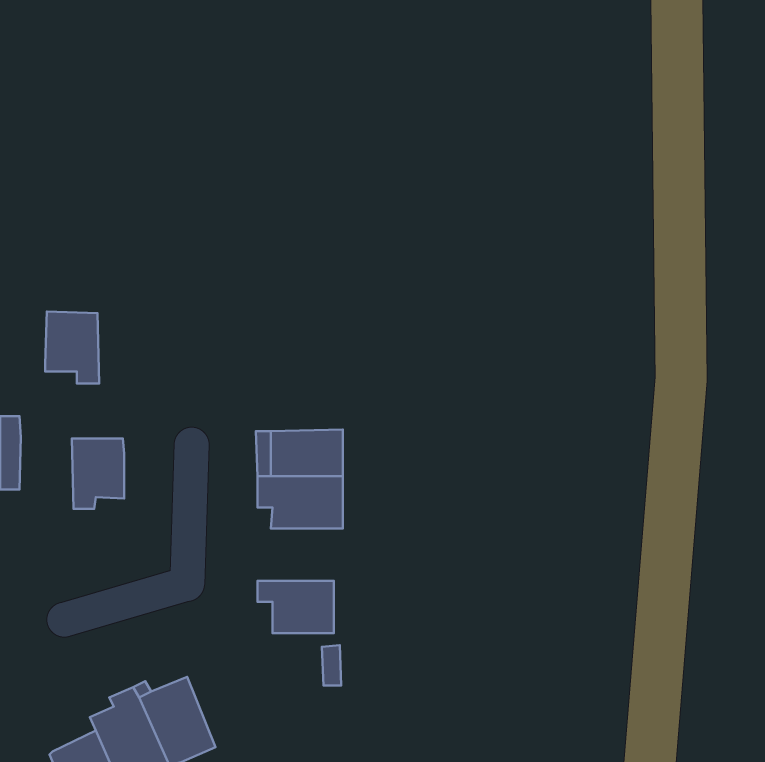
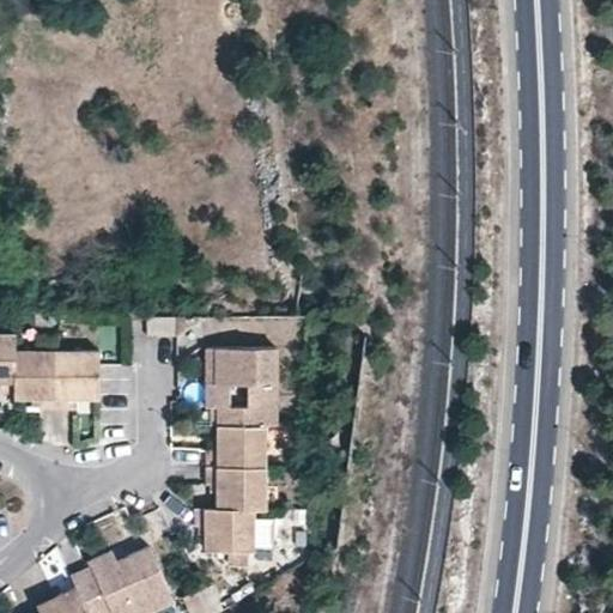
building: [45,312,99,383] -> [16,352,59,409]
building: none -> [206,425,267,467]
building: none -> [194,509,255,552]

